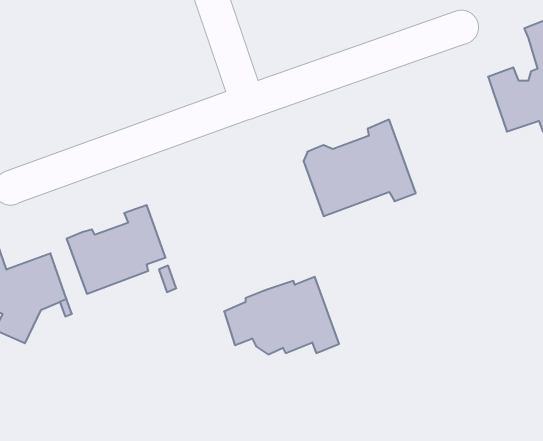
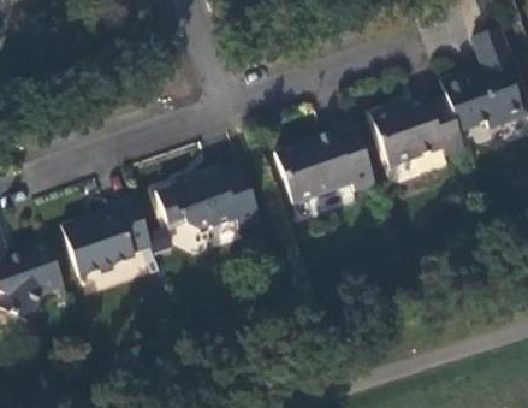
building: none -> [370,94,465,165]
building: [224,277,339,354] -> [159,161,262,231]

